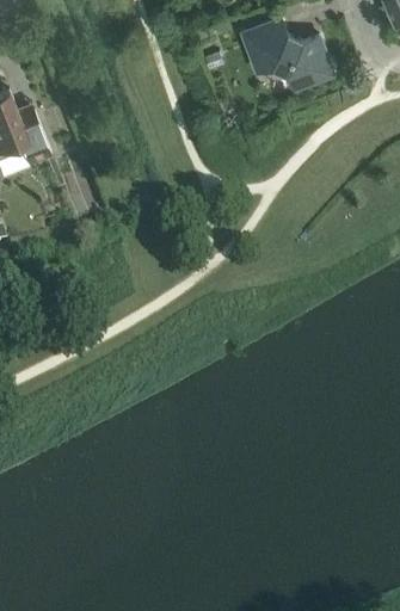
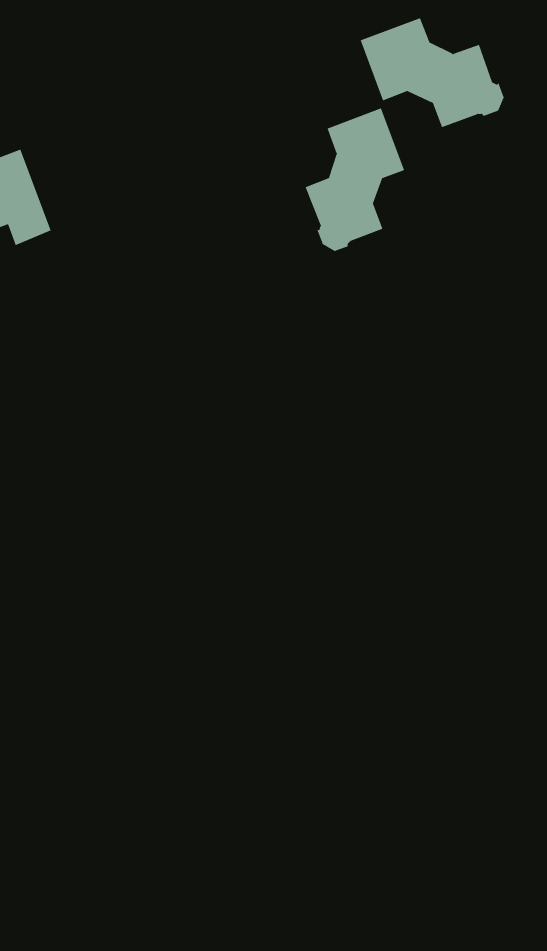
building: none -> [305,108,405,252]

